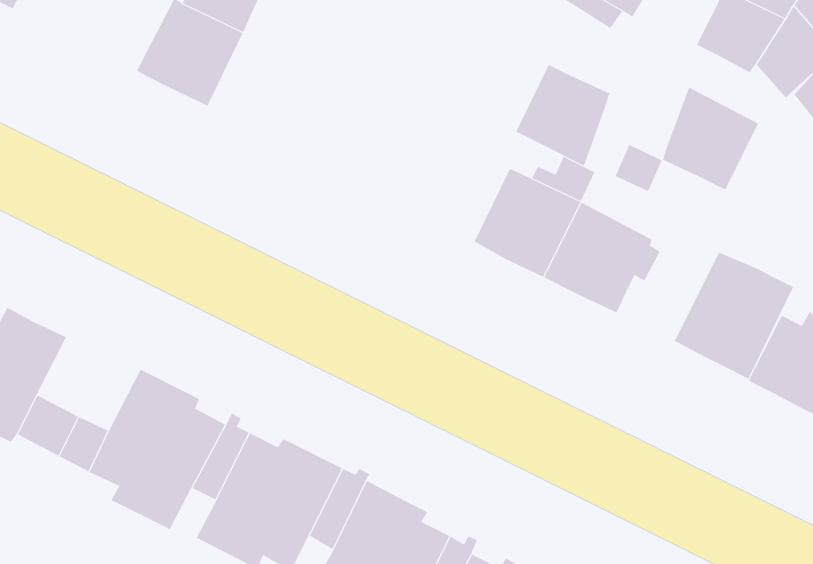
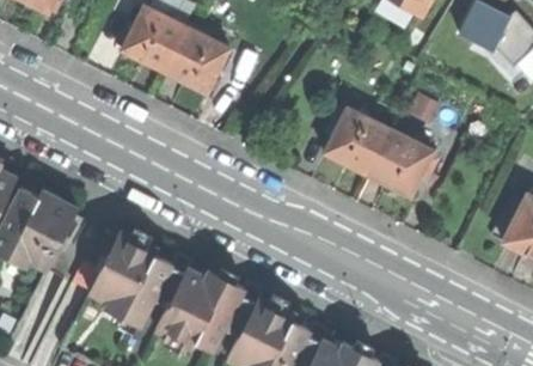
building: none -> [164,26,228,92]
building: [515,64,610,167] -> none
building: [663,87,759,190] -> none
building: [674,252,794,380] -> none

